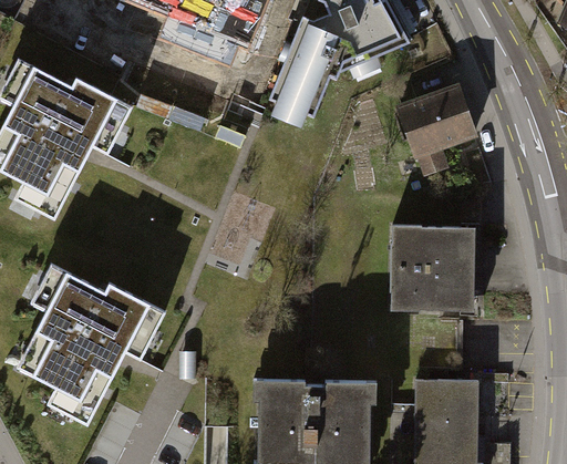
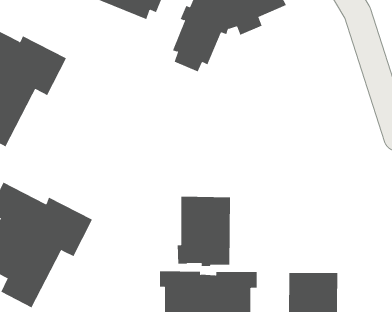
building: [395,82,478,177] -> none
building: [391,223,480,315] -> none
building: none -> [177,196,230,267]

